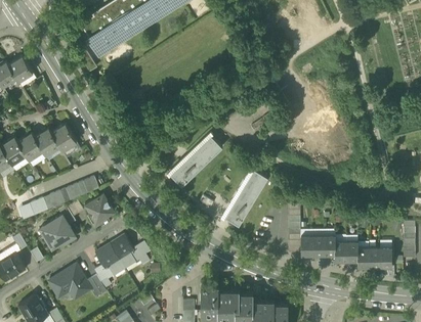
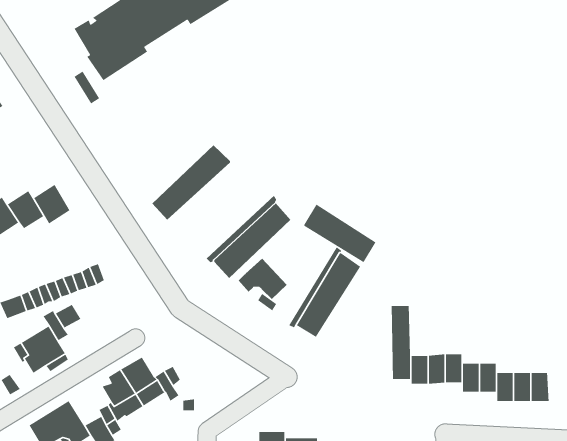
building: none -> [152,145,231,220]
building: none -> [303,204,376,263]
building: none -> [238,258,287,300]
building: [85,194,115,229] -> none

